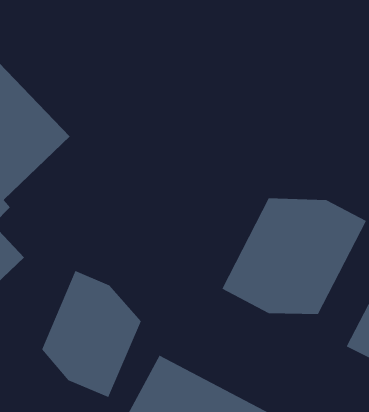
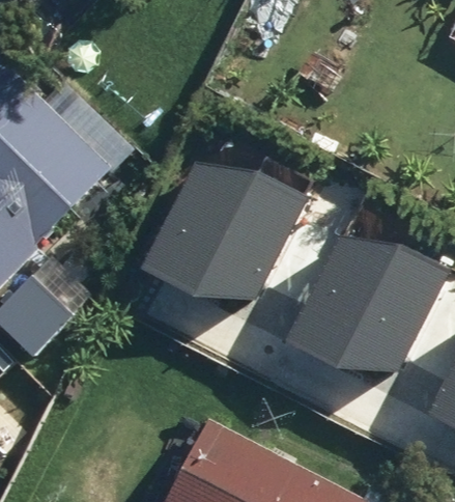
building: none -> [131,170,295,317]
building: [41,270,141,398] -> none

